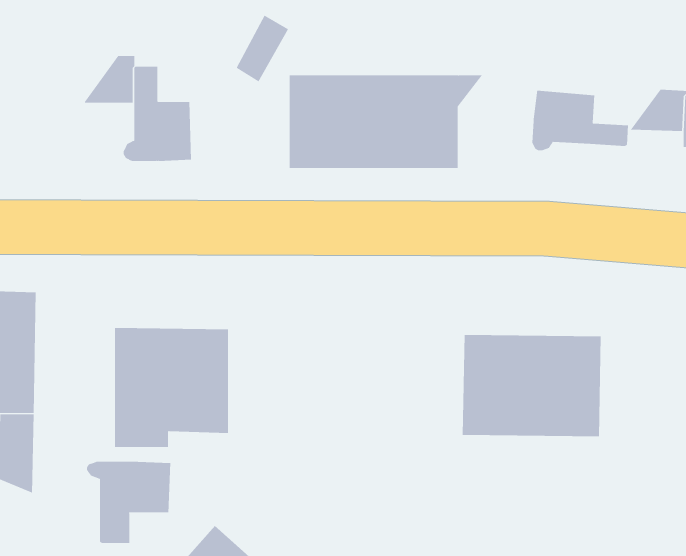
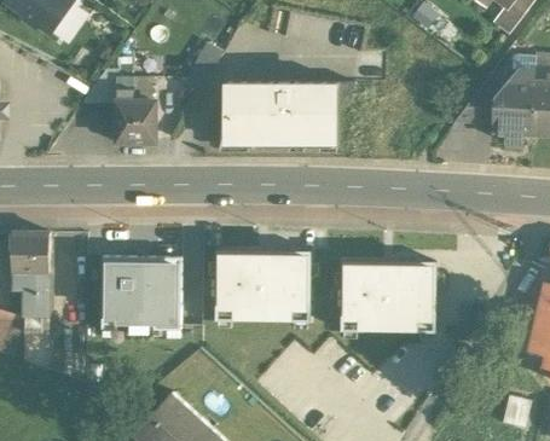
building: [532,90,629,151] -> none
building: none -> [214,251,312,320]
building: [86,461,171,544] -> none

